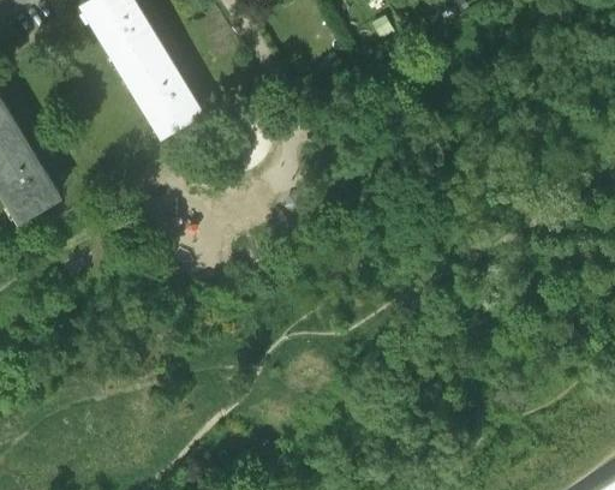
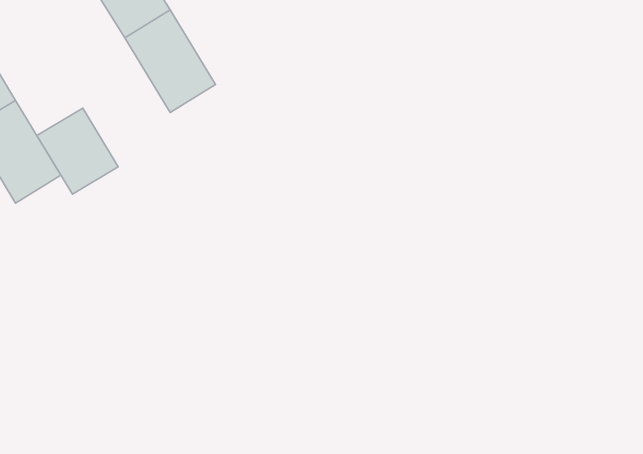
building: none -> [37,108,118,194]

